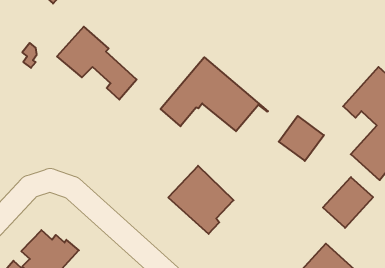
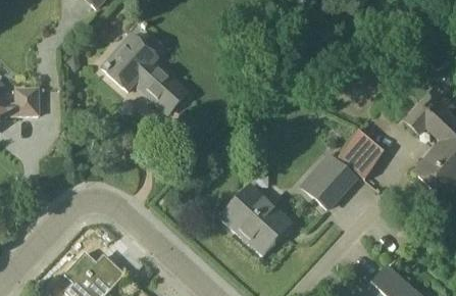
building: [161,57,268,131] -> none
building: none -> [300,151,359,211]
building: [323,177,373,228] -> none

